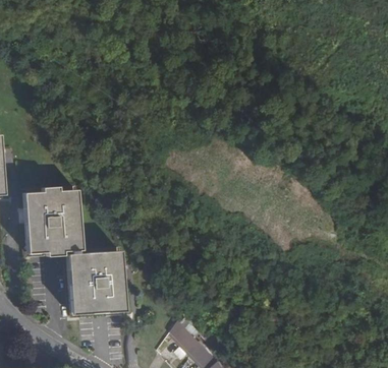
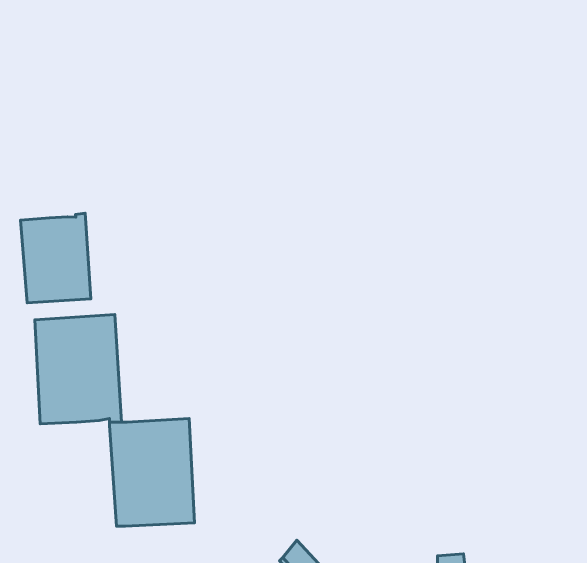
building: none -> [20,213,91,303]

